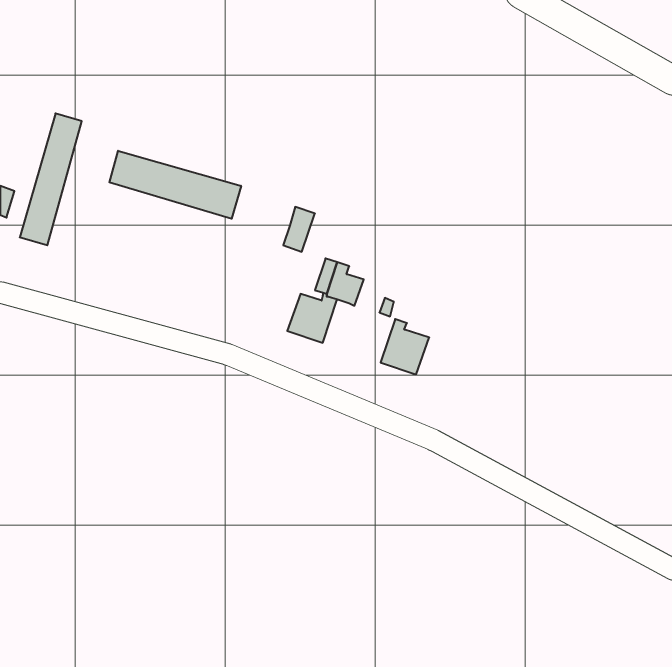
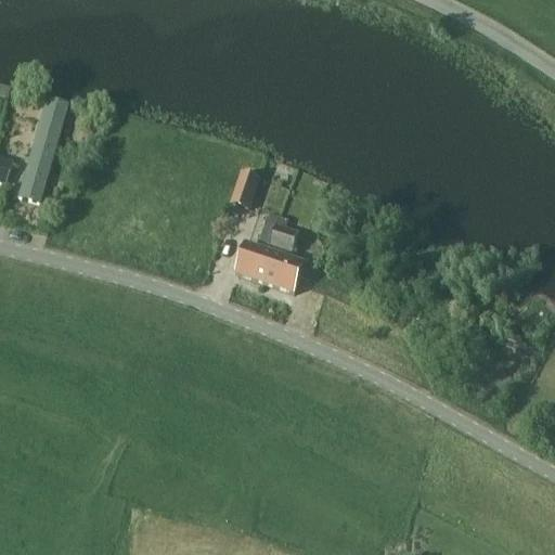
building: [109,151,241,219] -> none
building: [381,319,429,374] -> [267,246,307,292]

